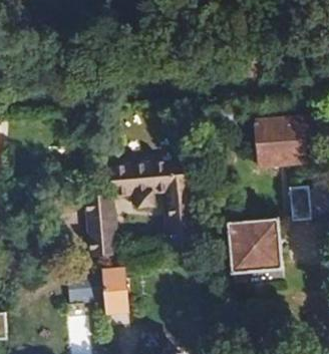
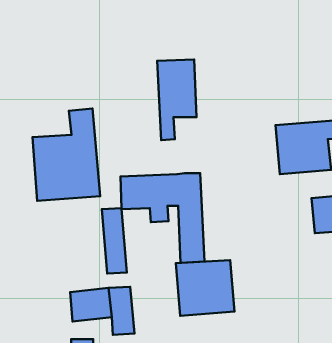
building: none -> [157,60,197,140]
building: none -> [32,108,100,201]
building: [228,220,282,271] -> [176,260,235,316]

